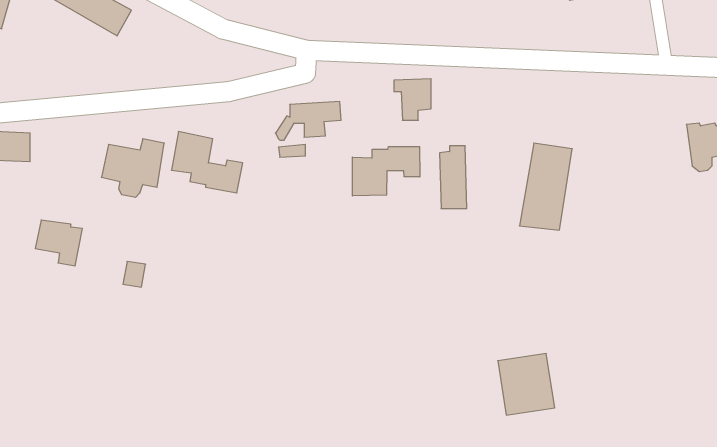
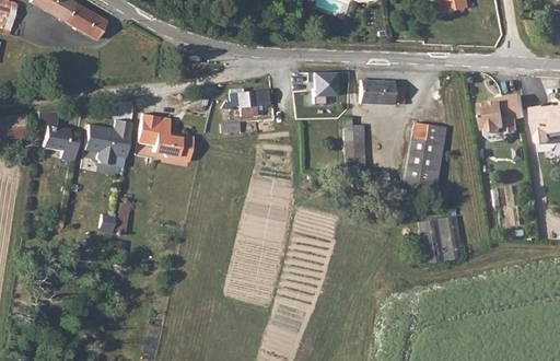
building: none -> [361,80,405,105]
building: none -> [482,96,526,135]
building: [352,147,420,196] -> none
building: [35,220,82,266] -> [44,124,80,159]
building: [498,354,555,415] -> [421,214,465,261]

